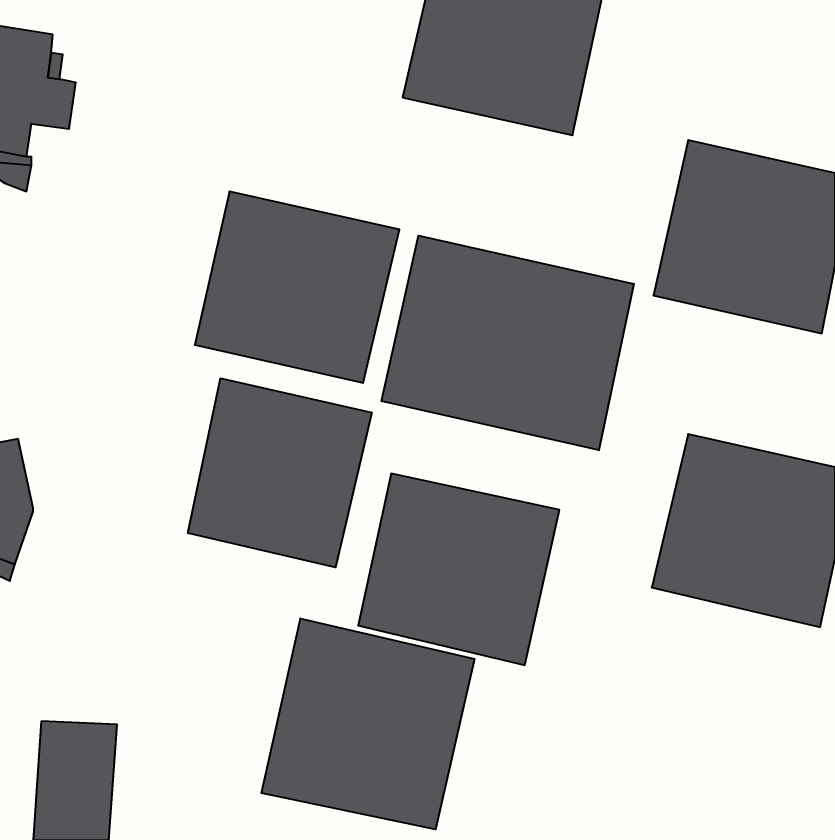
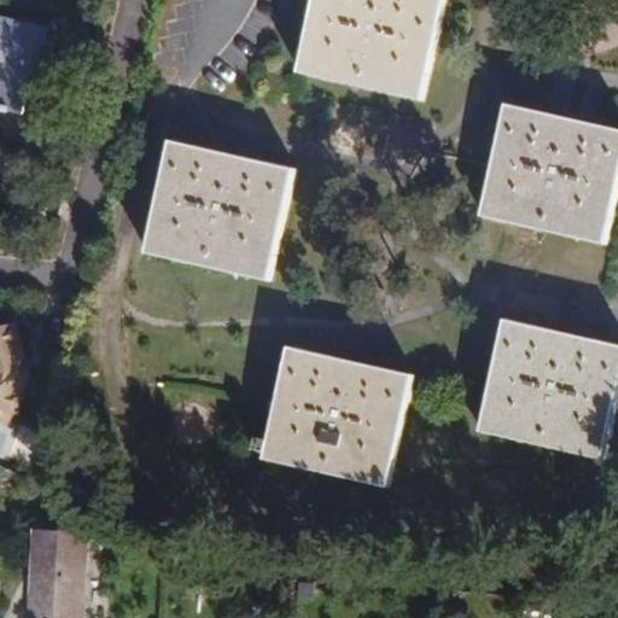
building: [382,236,634,450] -> none
building: [188,378,372,567] -> none
building: [261,618,475,829] -> none

